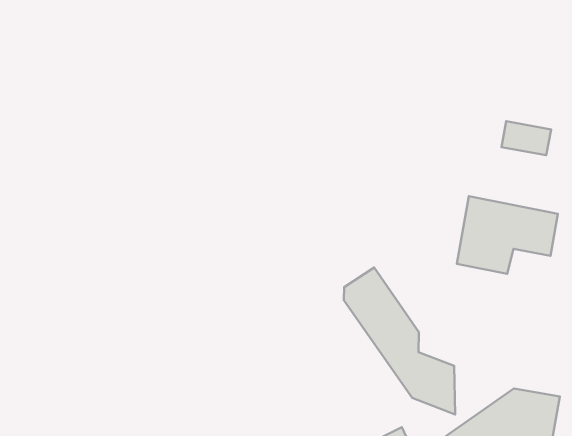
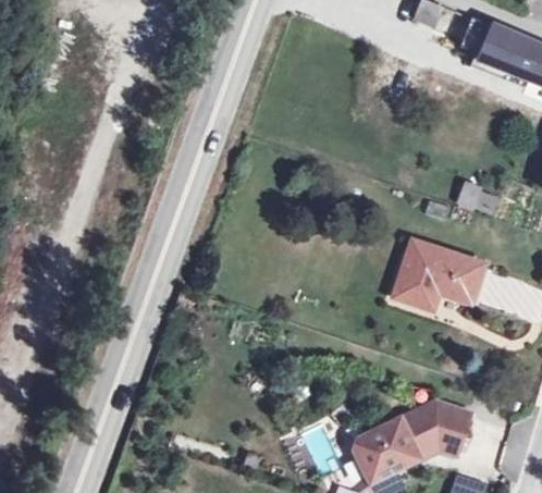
building: [344,267,455,415] -> none

